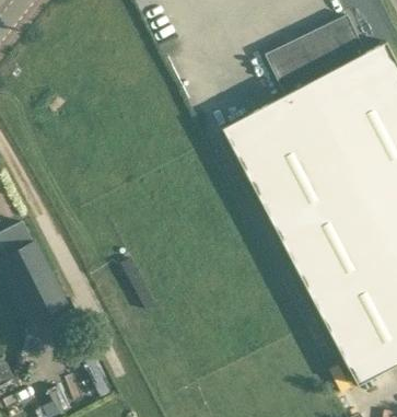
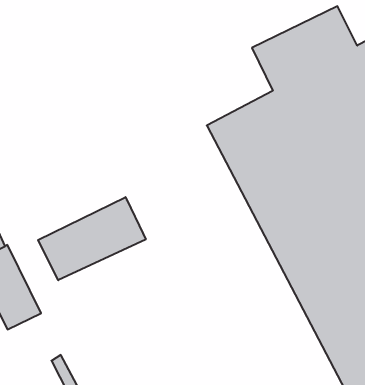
building: none -> [38,197,146,280]

